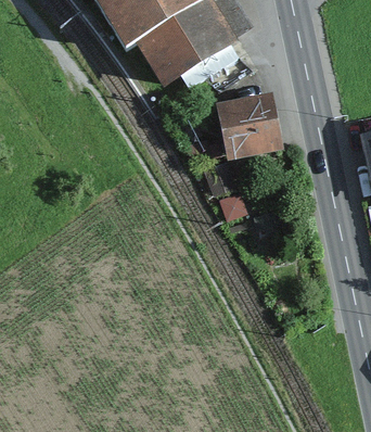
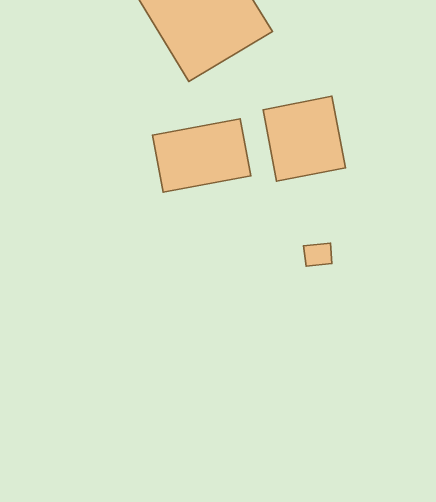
building: none -> [152,119,251,192]

